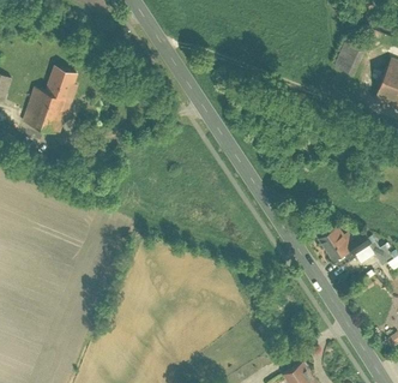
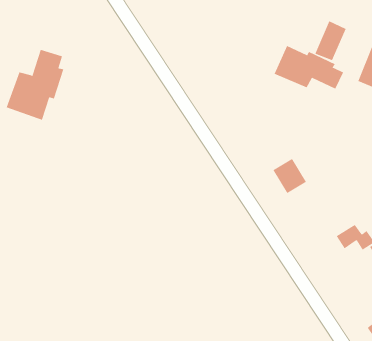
building: none -> [274,45,344,90]
building: [318,227,352,263] -> [272,158,307,194]

